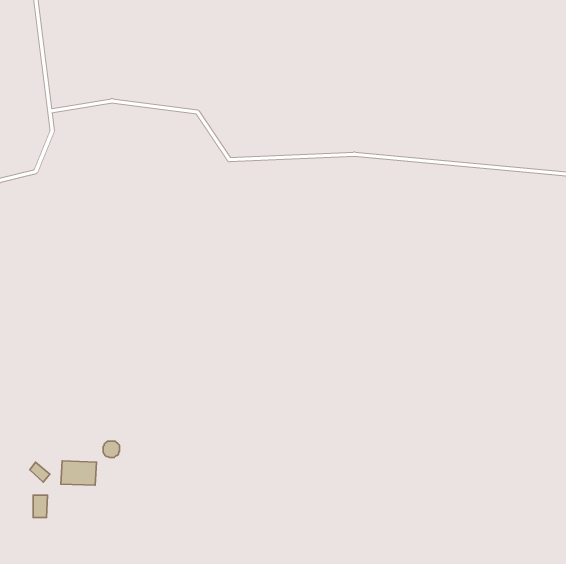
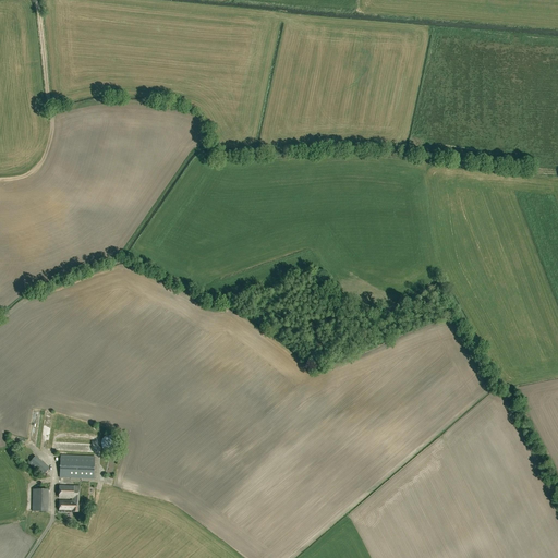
building: none -> [59,484,78,510]

